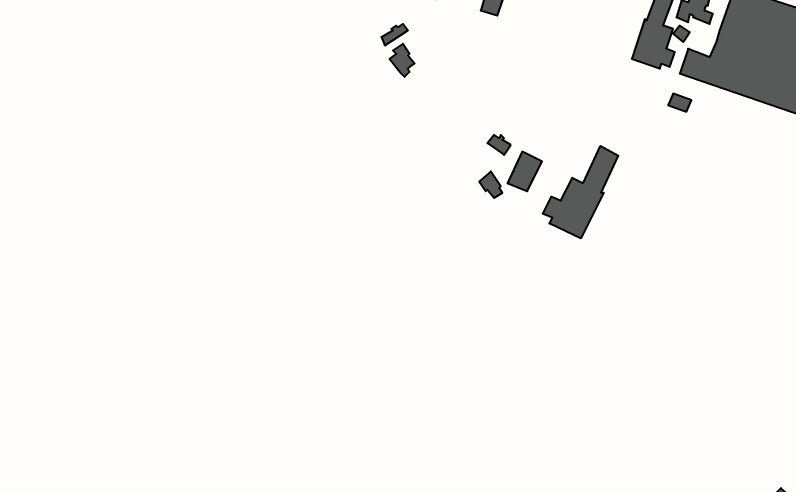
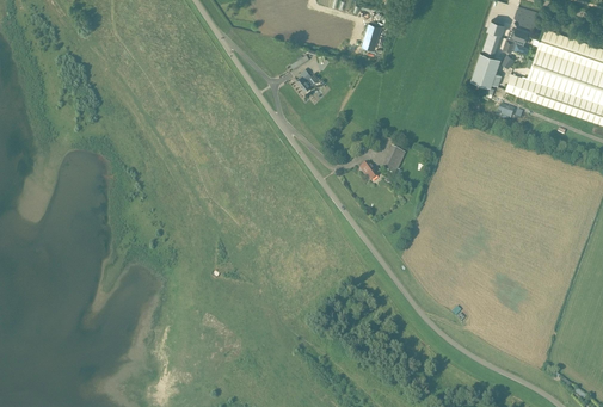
building: [543,146,618,238] -> none

